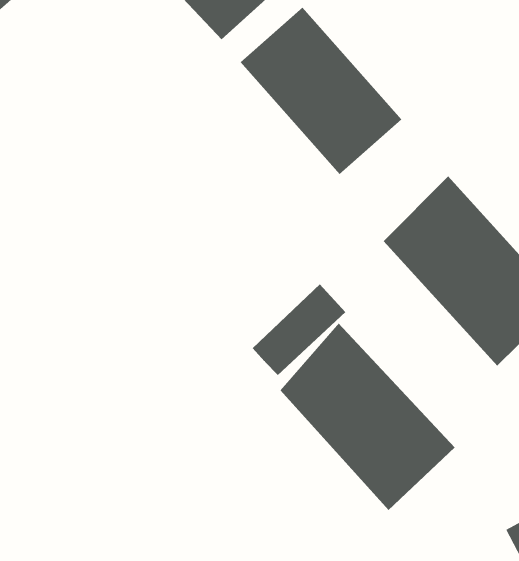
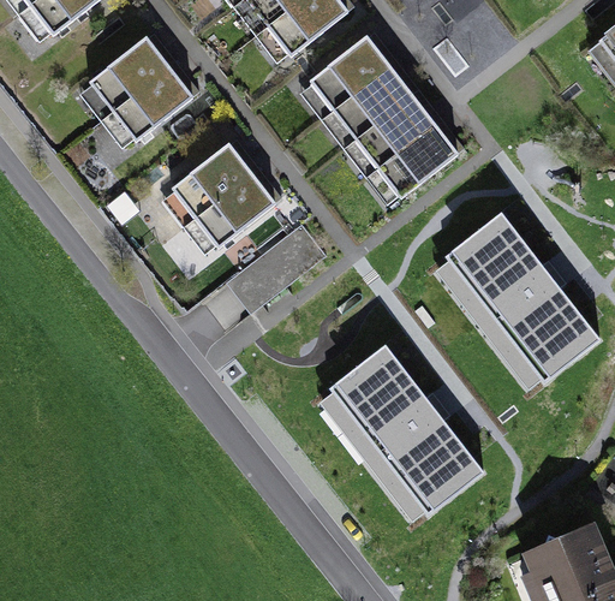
building: none -> [85,38,193,145]
building: none -> [168,148,277,257]
building: [252,283,346,376] -> [227,227,321,313]

